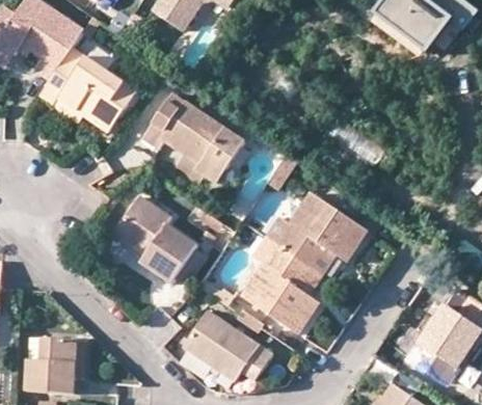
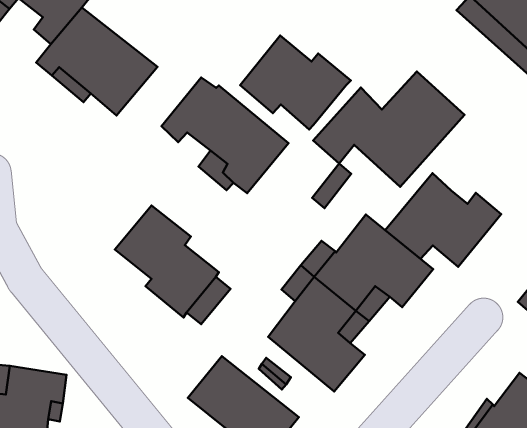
building: none -> [240,35,351,129]
building: none -> [313,71,465,187]
building: none -> [385,173,501,267]

